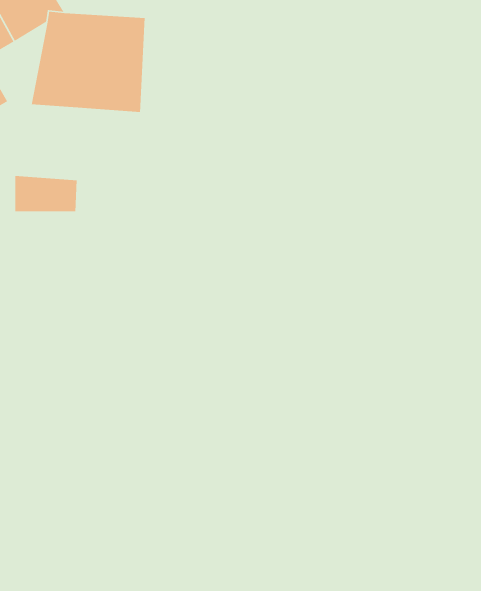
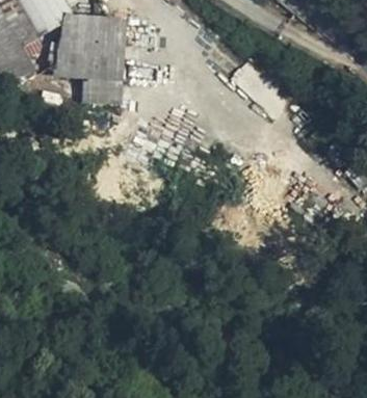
building: [15,175,78,212] -> [79,74,120,98]

